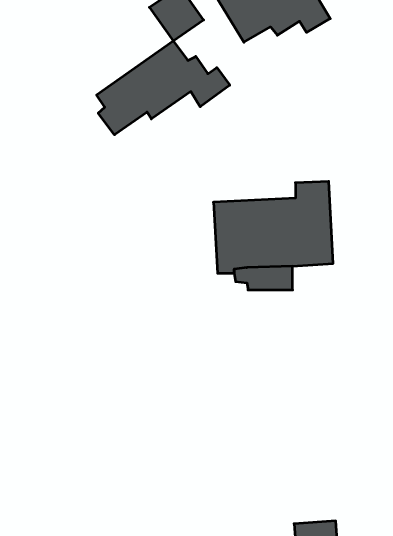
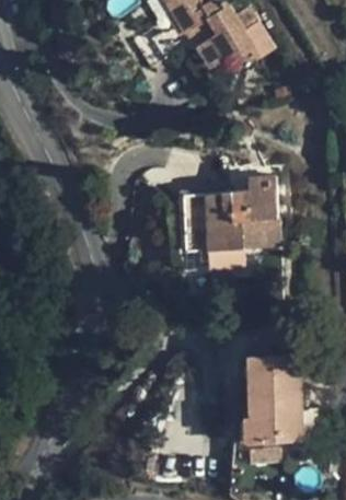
building: [97,41,230,135] -> none
building: none -> [246,353,302,438]

